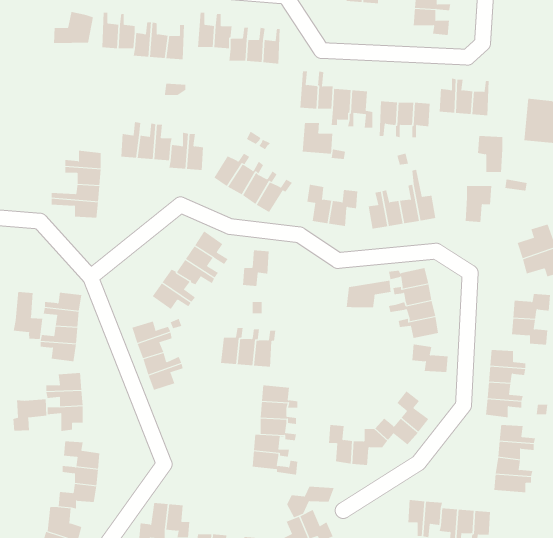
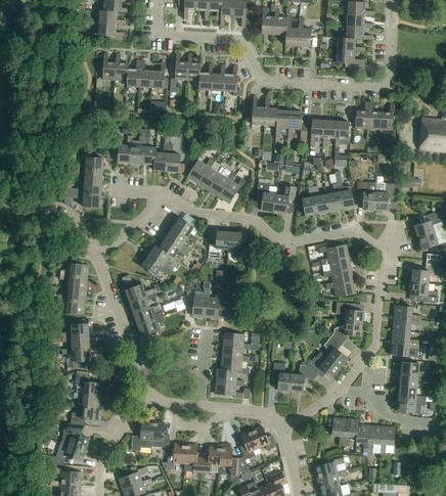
building: [53,11,94,44] -> none
building: [302,122,333,154] -> none
building: [477,136,503,172] -> [356,182,375,210]
building: none -> [227,232,247,261]
building: [346,280,391,308] -> none
building: [13,291,43,340] -> none
building: none -> [330,322,361,345]
building: [13,399,47,431] -> none
building: [287,486,334,518] -> none

